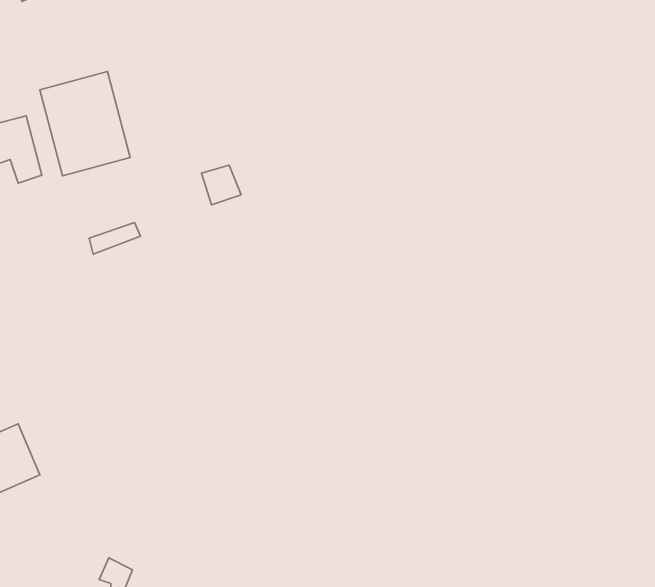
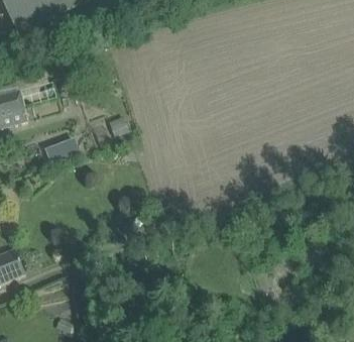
building: [40,72,130,176] -> none

